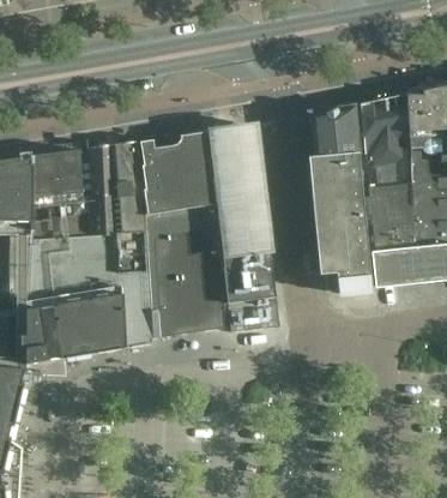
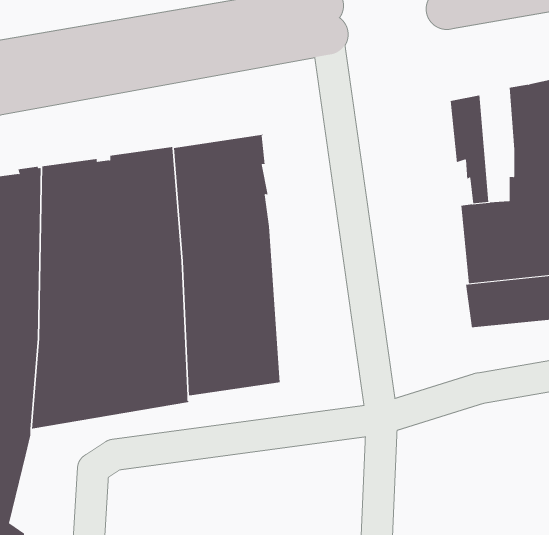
building: [383,92,410,184] -> none
building: [309,104,372,292] -> none
building: [212,124,279,330] -> none

